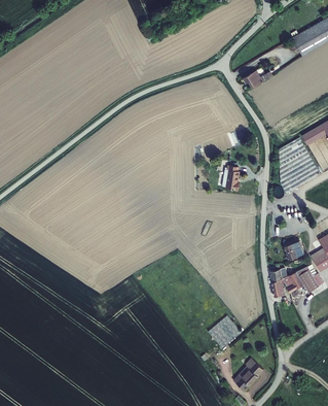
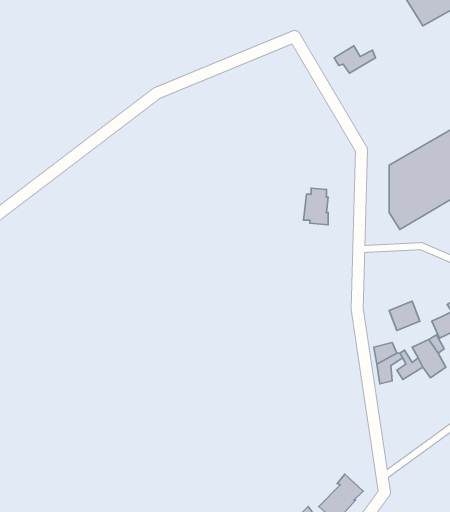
building: [207,316,239,348] -> none

